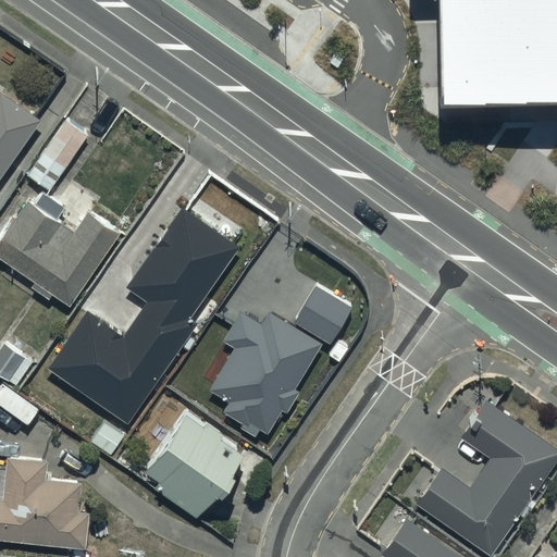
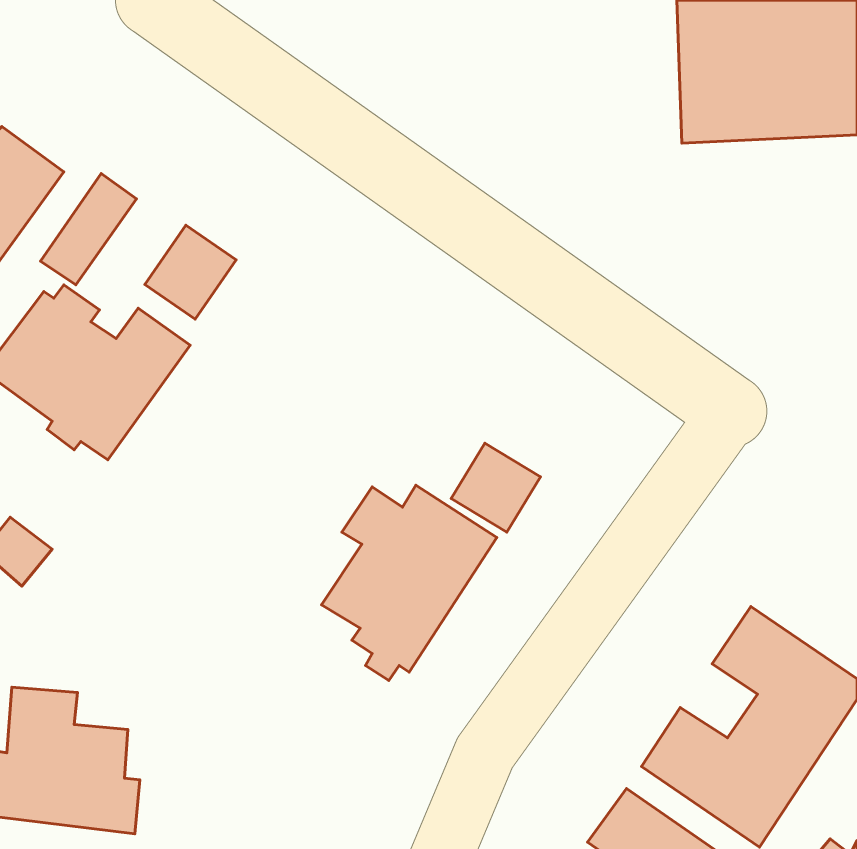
building: none -> [145,225,236,319]
building: [47,214,238,431] -> none
building: [145,406,240,517] -> none

